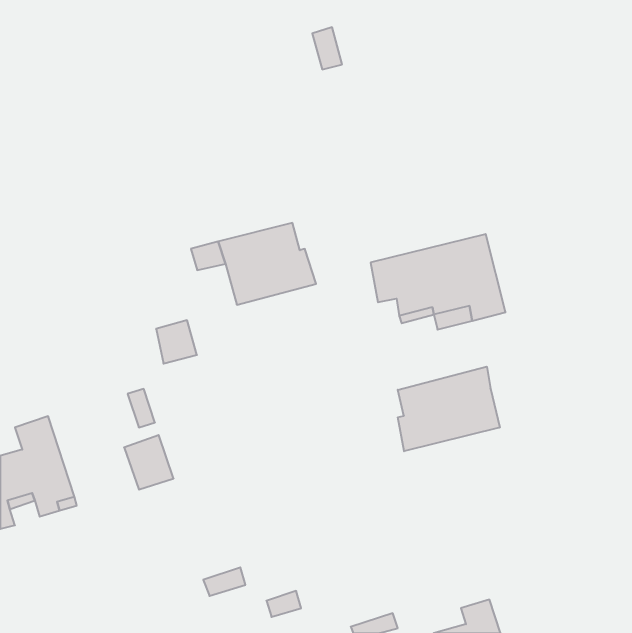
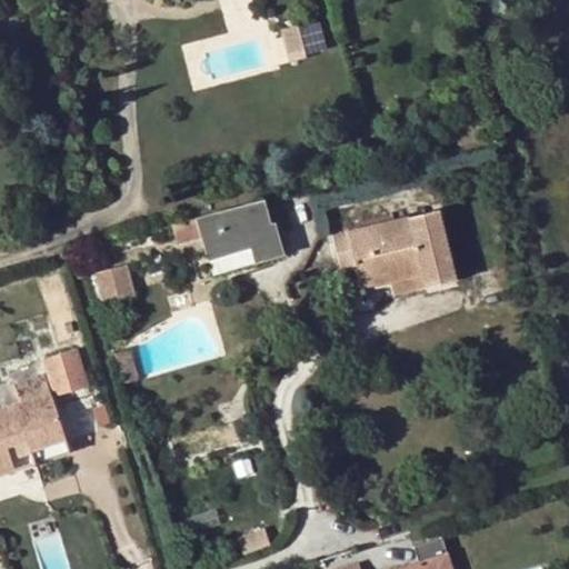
building: [156,320,197,364] -> [94,263,131,302]
building: [398,367,500,451] -> none
building: [124,435,174,490] -> [44,348,89,397]

